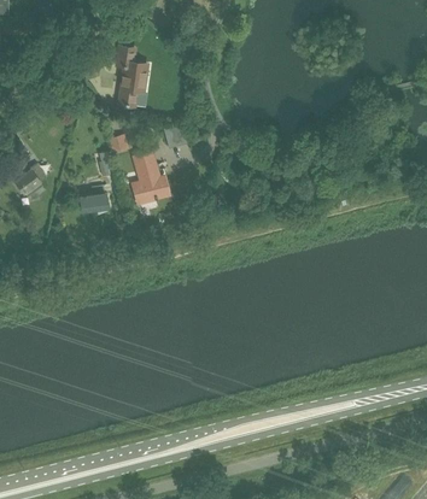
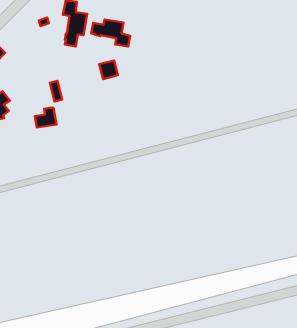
building: none -> [91,19,130,47]
building: [134,151,169,200] -> none

